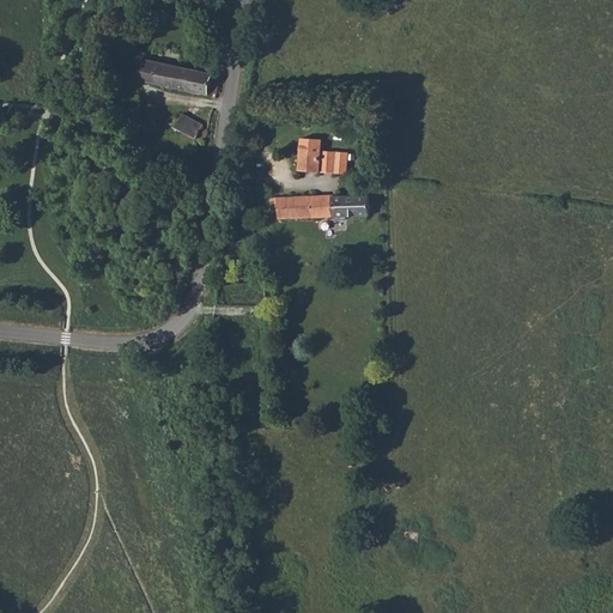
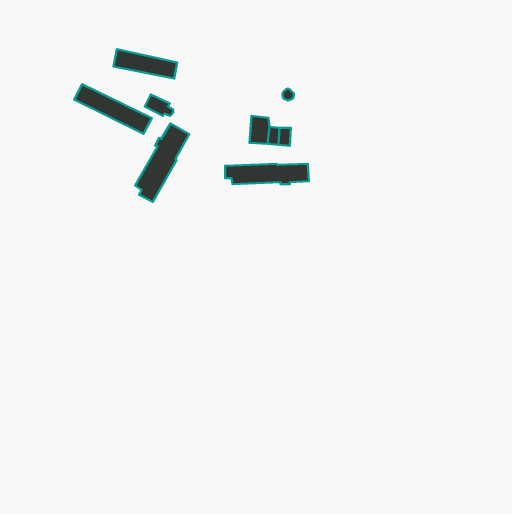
building: none -> [74,84,152,134]
building: none -> [135,124,189,202]

